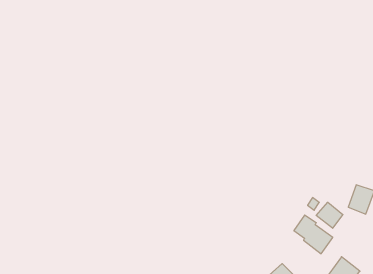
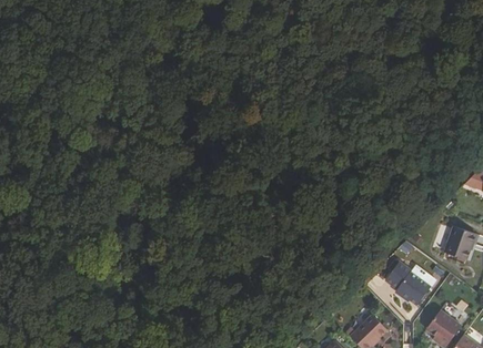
building: [316,202,343,228] -> none

